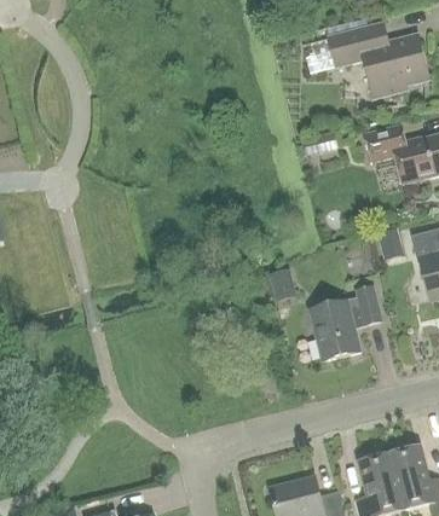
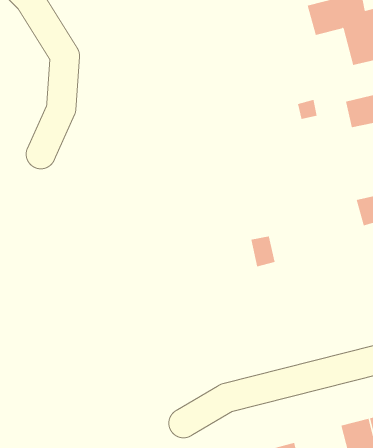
building: [310,285,381,360] -> none

